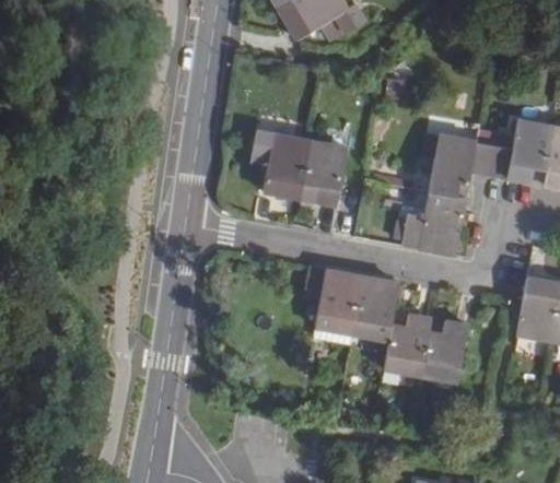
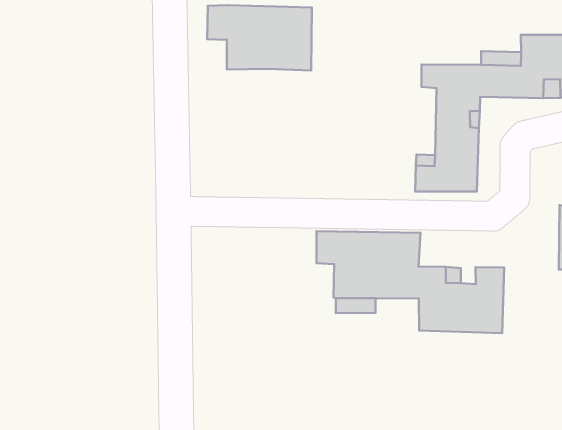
building: [250,131,348,203] -> [207,5,312,71]

